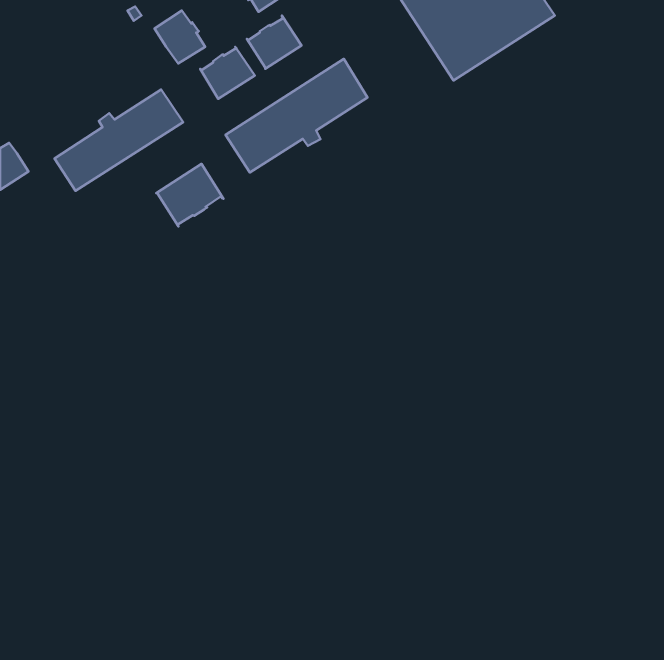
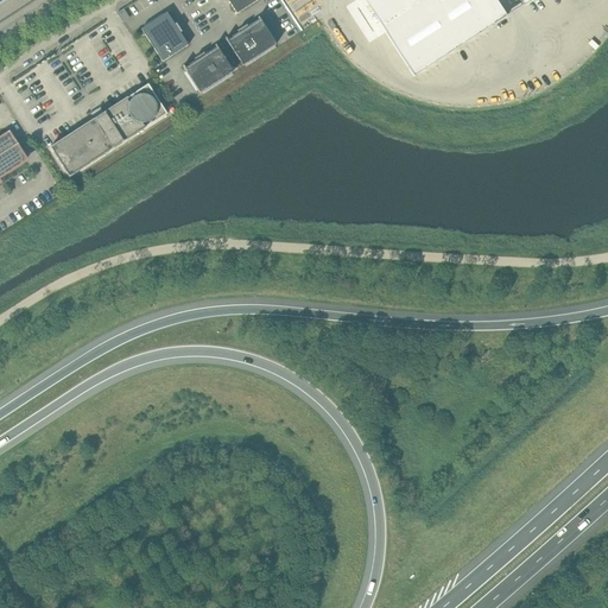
building: [226,59,367,172] -> none
building: [156,164,223,226] -> none

